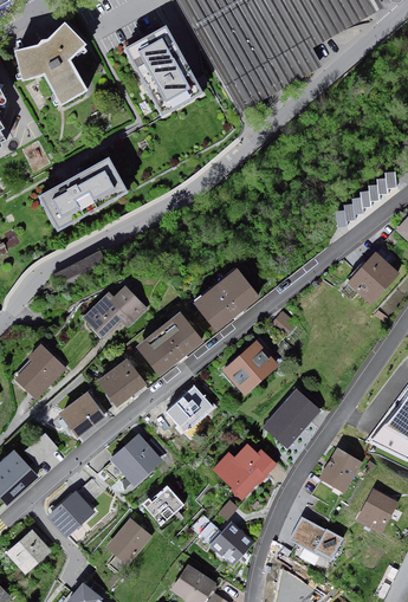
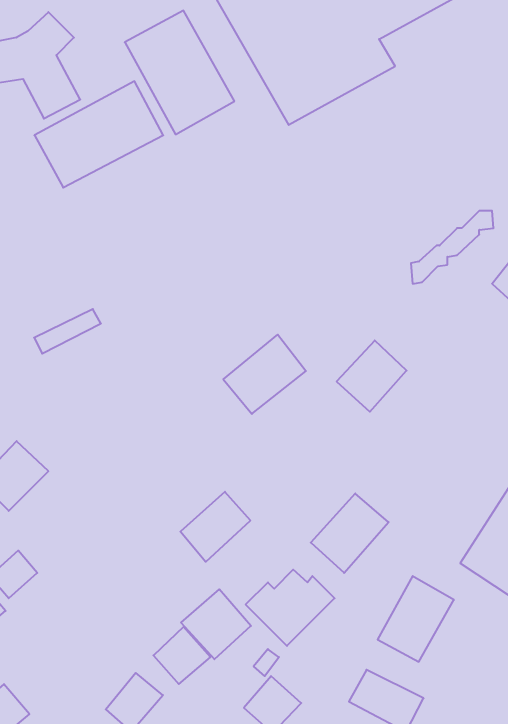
building: [35,155,131,234] -> [34,81,163,188]
building: [349,250,401,303] -> [337,340,407,412]
building: [82,286,147,337] -> none
building: [138,311,202,373] -> none
building: [225,341,277,391] -> none
building: [99,360,147,406] -> none
building: [59,394,105,438] -> none
building: [110,435,162,487] -> [181,589,251,659]
building: [357,490,397,535] -> none
building: [46,491,95,538] -> none

